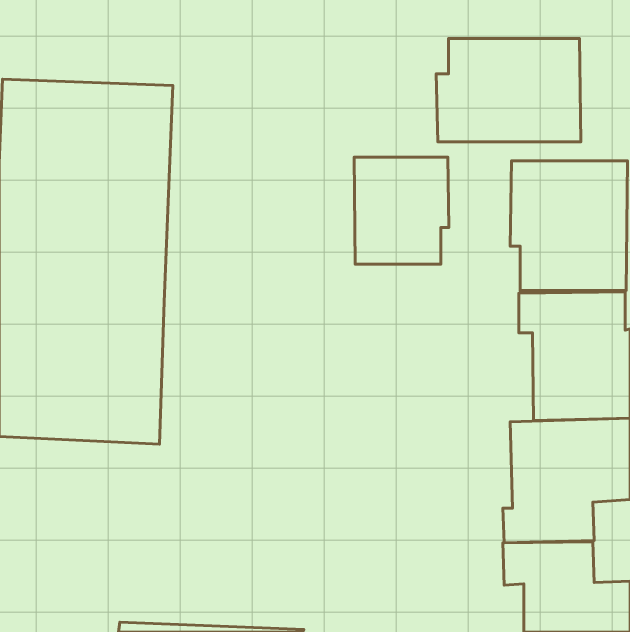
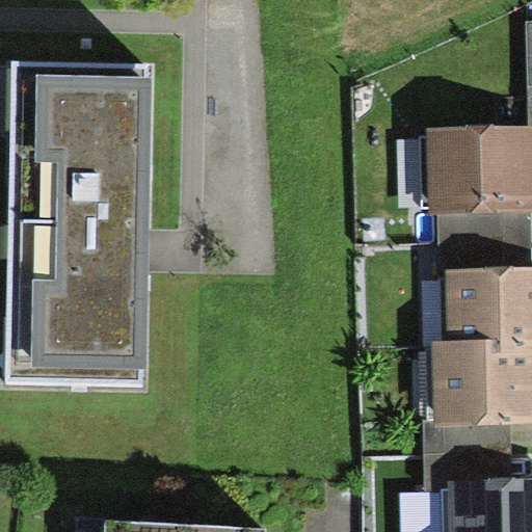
building: [436,38,581,142] -> none
building: [354,157,449,264] -> none

